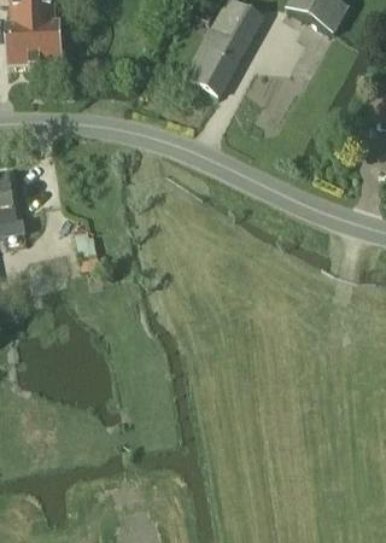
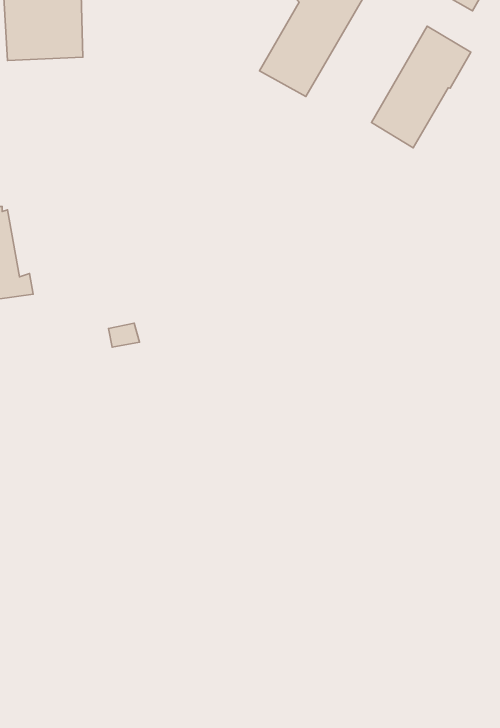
building: none -> [371,26,471,148]

